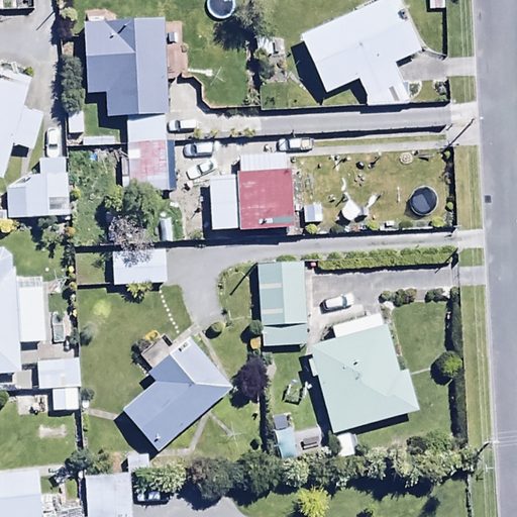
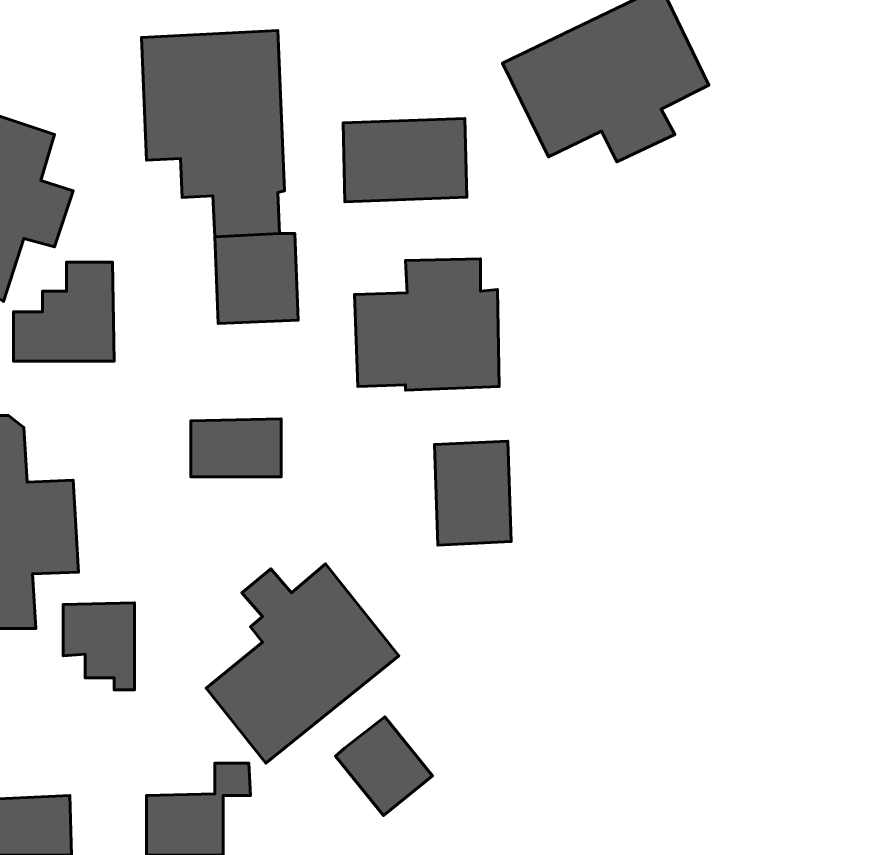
building: none -> [343,118,467,202]
building: [308,313,419,431] -> none
building: none -> [336,717,433,815]

